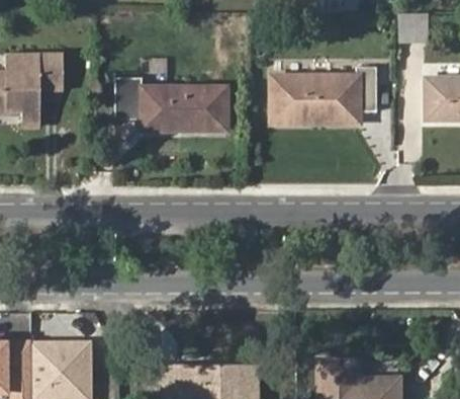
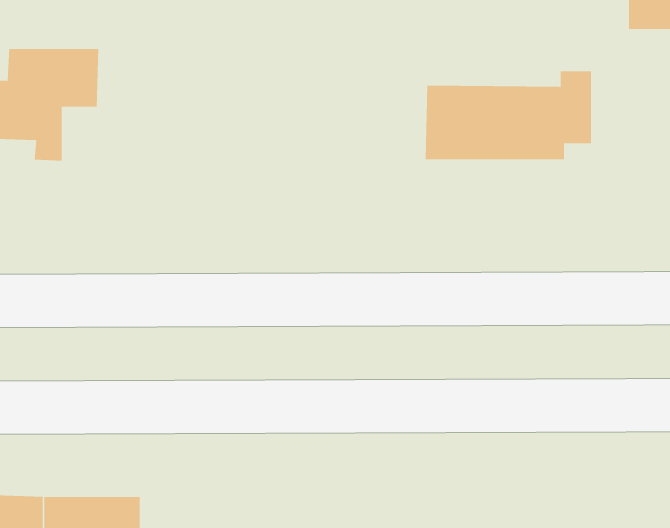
building: [114,77,226,131] -> none

